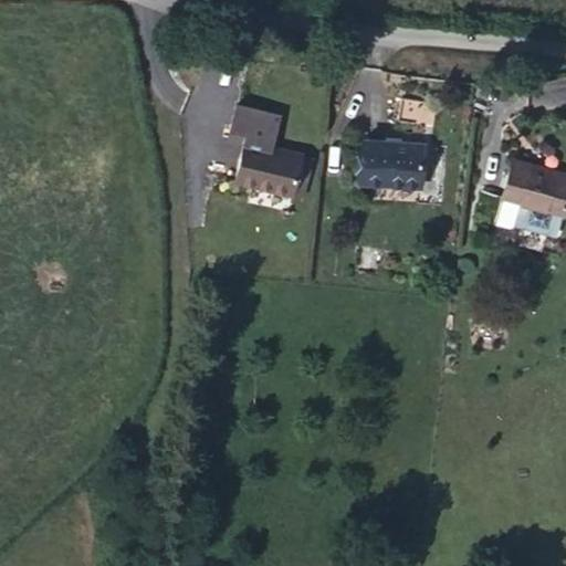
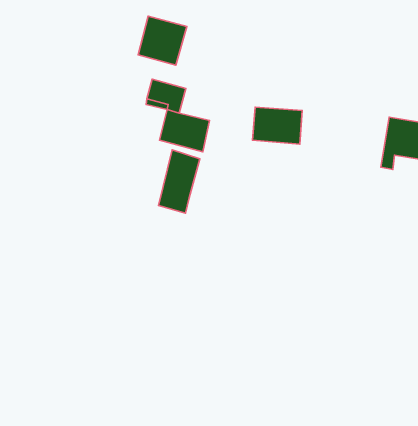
building: none -> [138,16,187,65]
building: none -> [158,150,200,213]

